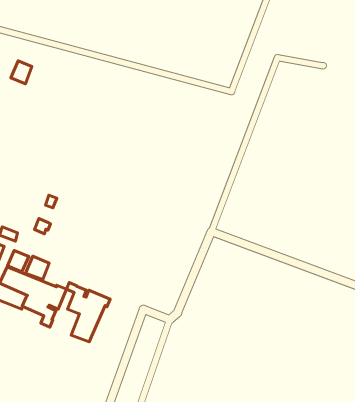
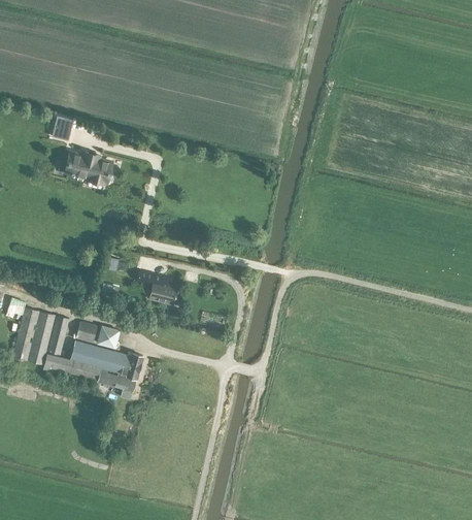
building: none -> [66,151,113,183]
building: none -> [148,281,177,303]
building: [67,282,110,342] -> none

